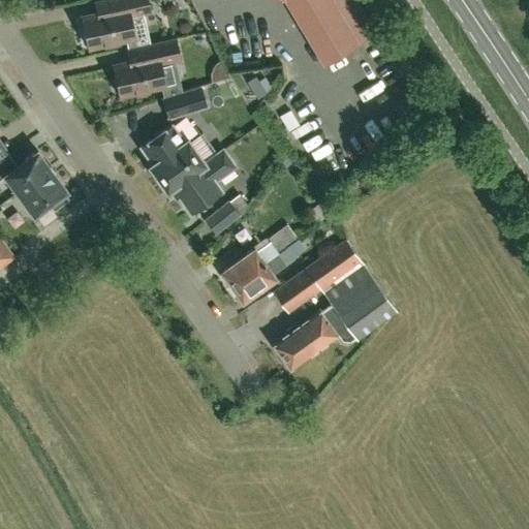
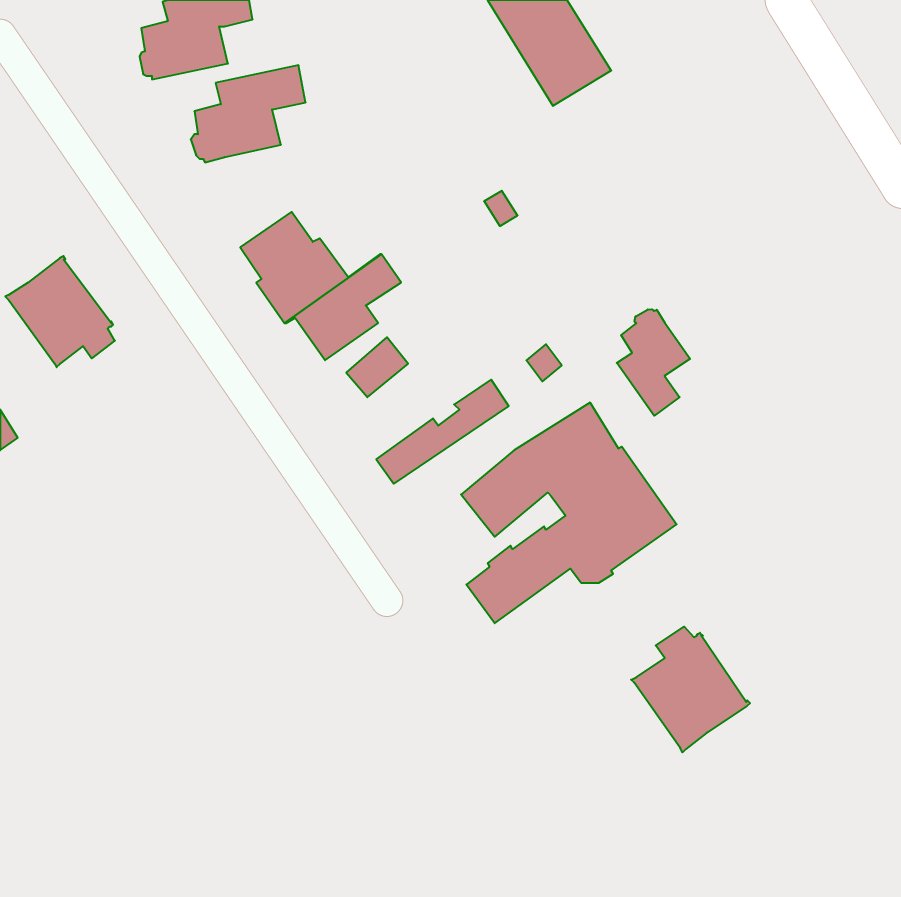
building: [162,88,209,122] -> none
building: none -> [617,309,690,416]
building: [231,241,300,302] -> none
building: none -> [631,627,750,752]

